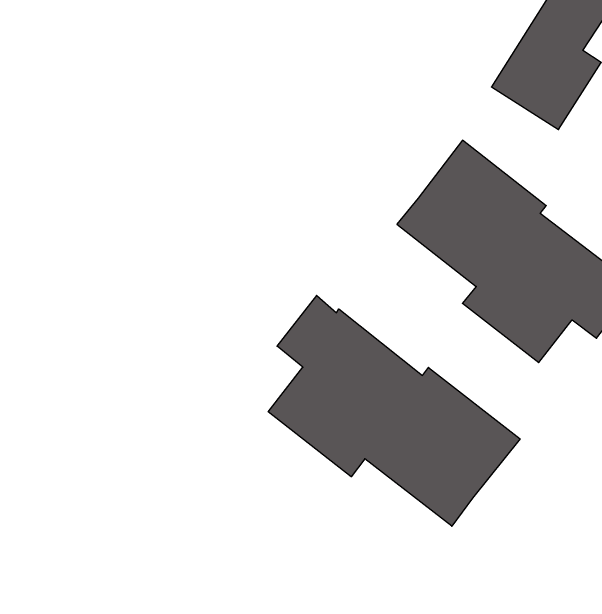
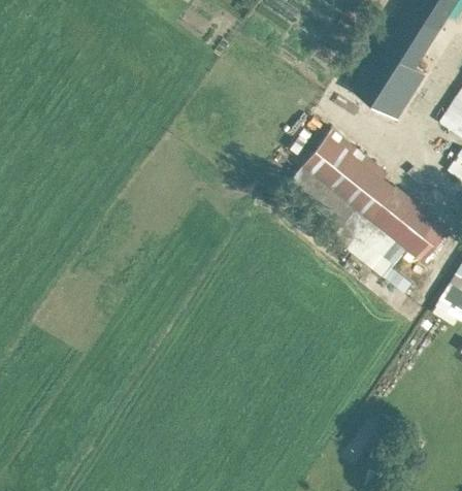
building: [268,295,520,526] -> none

